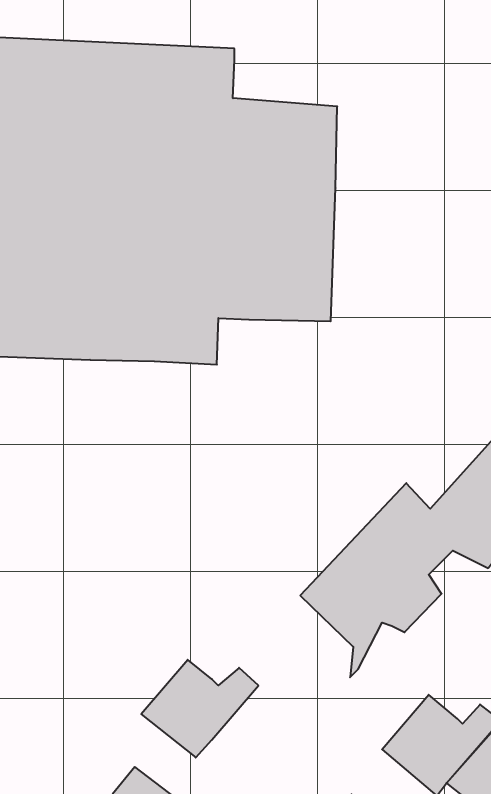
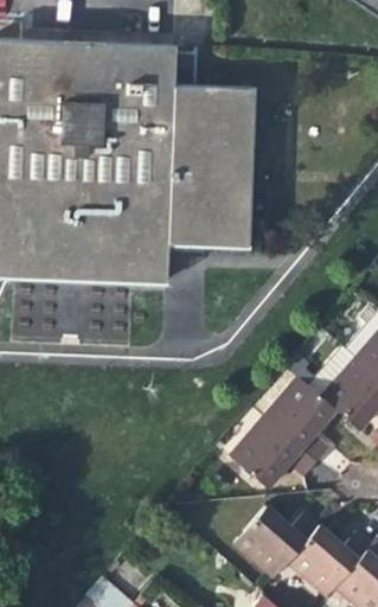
building: [141,660,258,758] -> [236,505,322,577]

